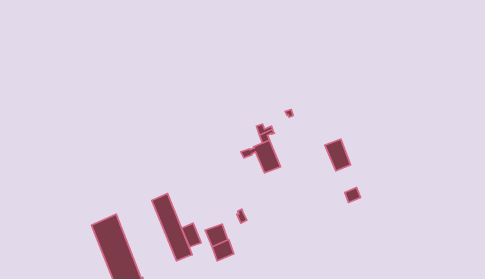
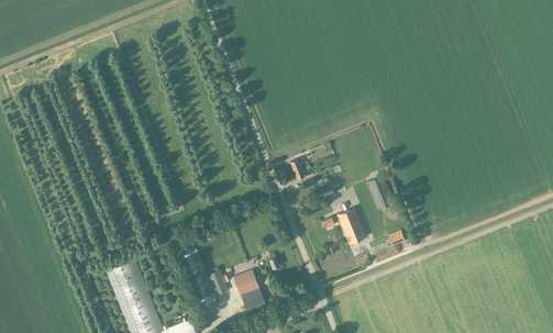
building: [241,140,280,173] -> [323,208,367,244]

